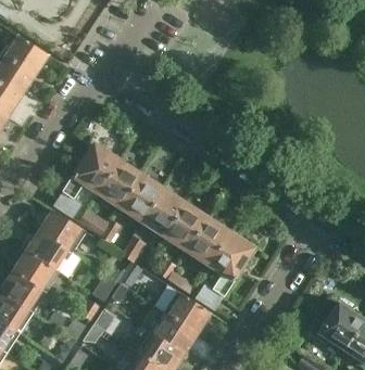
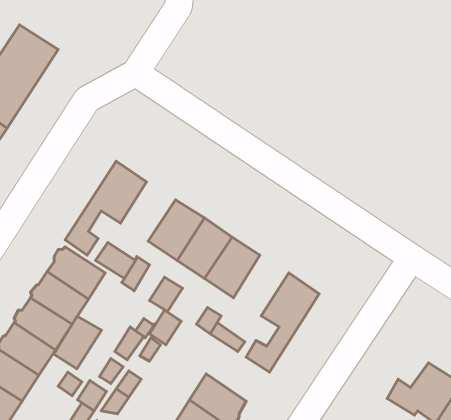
building: [96,161,139,207] -> none
building: [185,218,228,266] -> none
building: none -> [54,316,102,369]
building: [163,292,209,333] -> none

